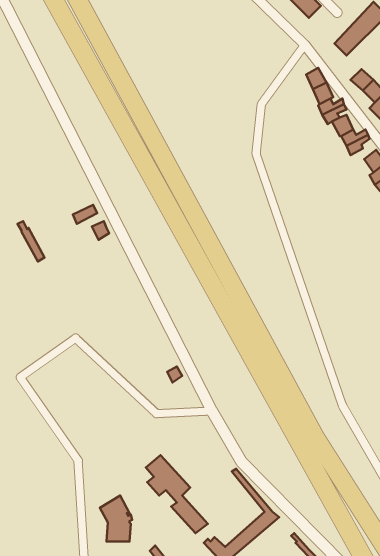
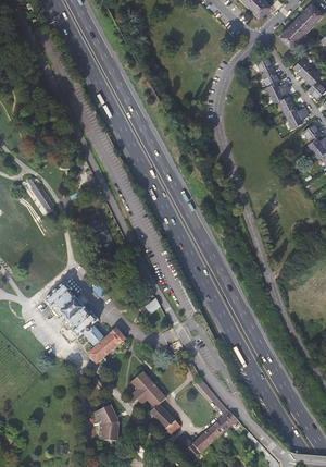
building: none -> [43,281,125,364]

